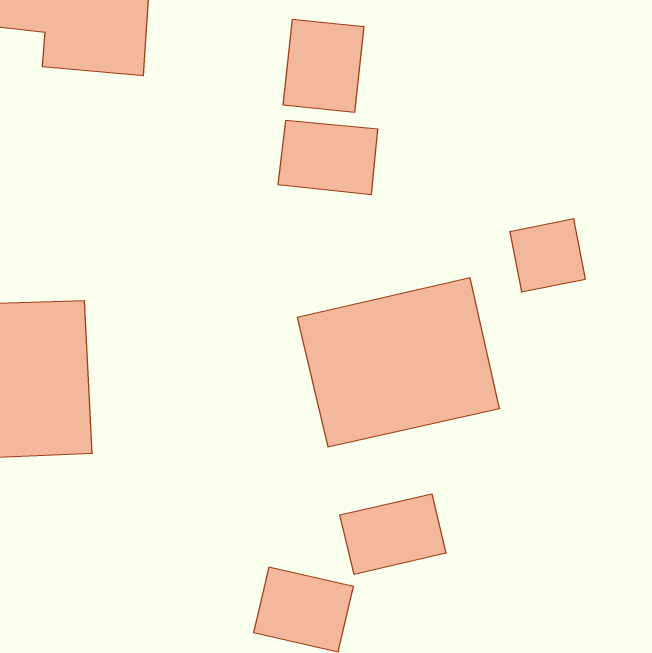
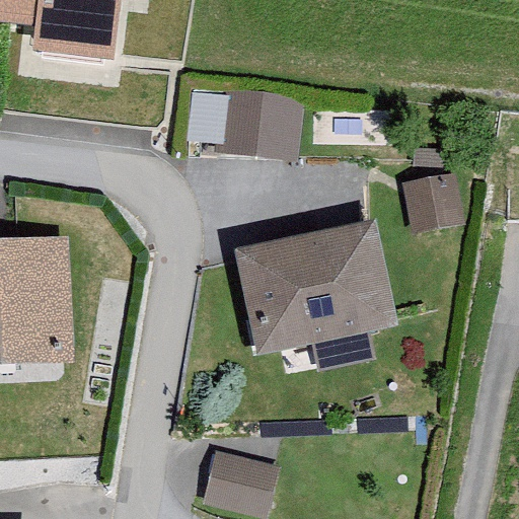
building: [283,19,364,112] -> none
building: [340,494,446,574] -> none

